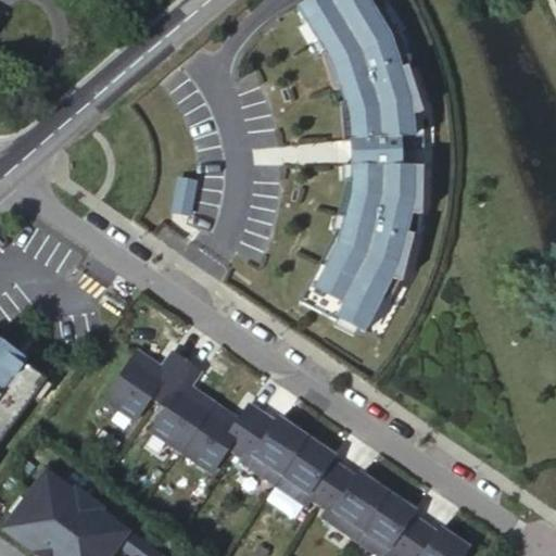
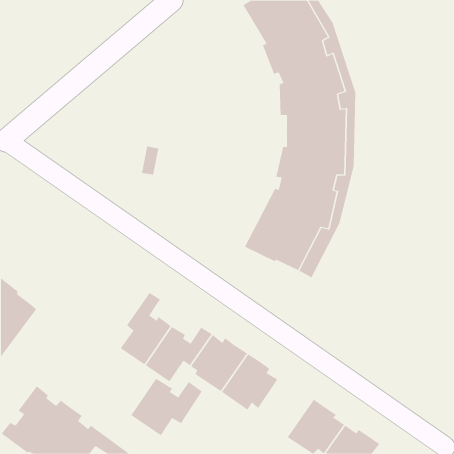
building: [101,346,182,415] -> none
building: none -> [130,378,202,436]
building: [316,464,383,534] -> none

